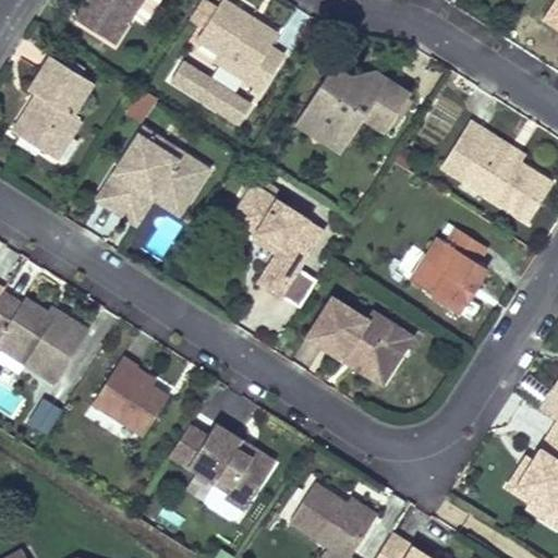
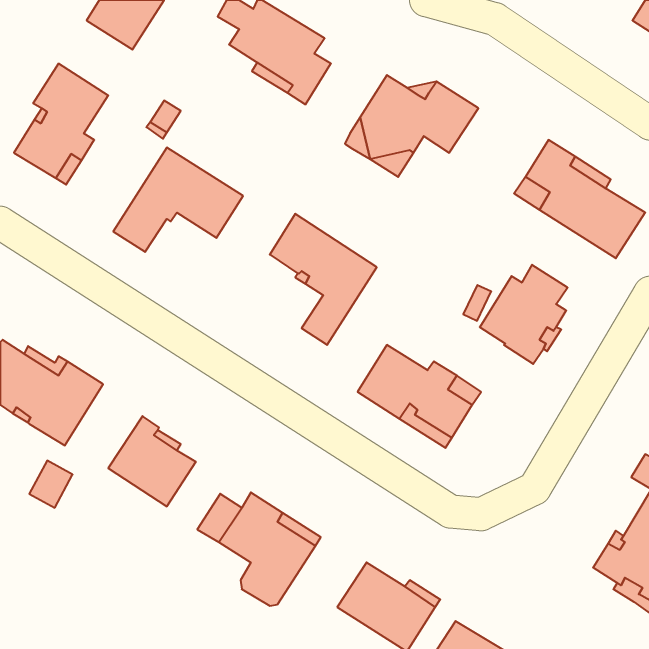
building: [172,62,252,124] -> none
building: [125,183,186,225] -> none

